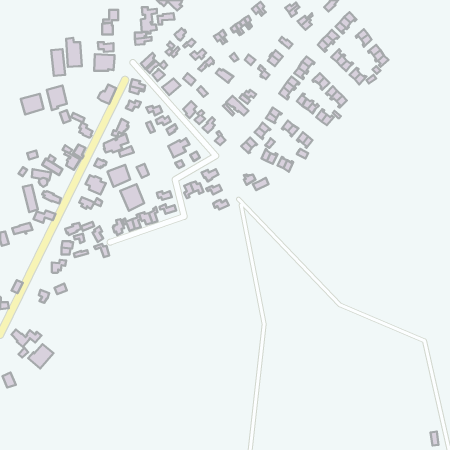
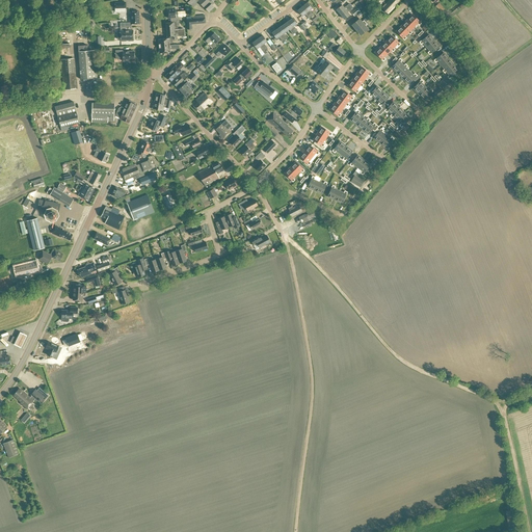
building: [94,54,114,71] -> [90,103,114,123]
building: [21,94,44,114] -> none
building: [120,184,144,211] -> none
building: [28,344,54,368] -> none

